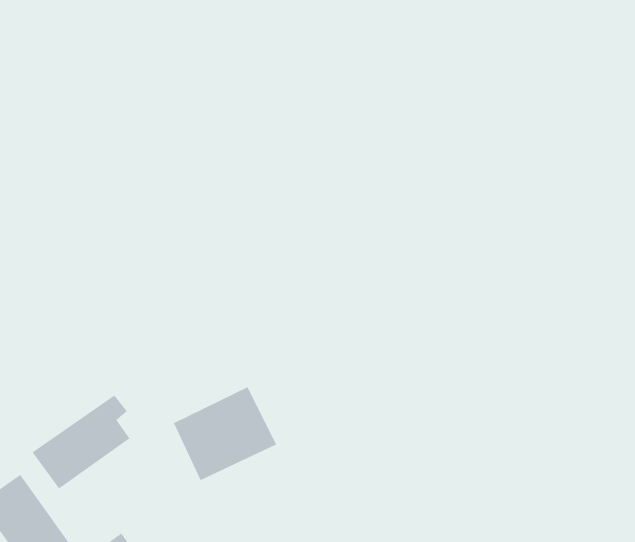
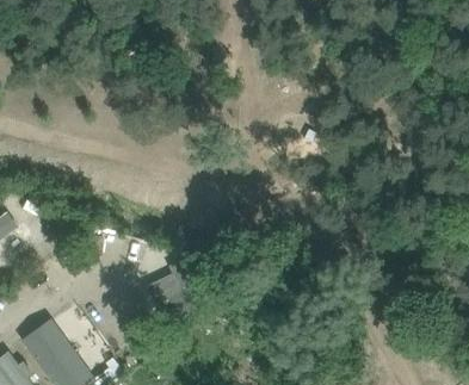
building: [32,394,130,489] -> none

